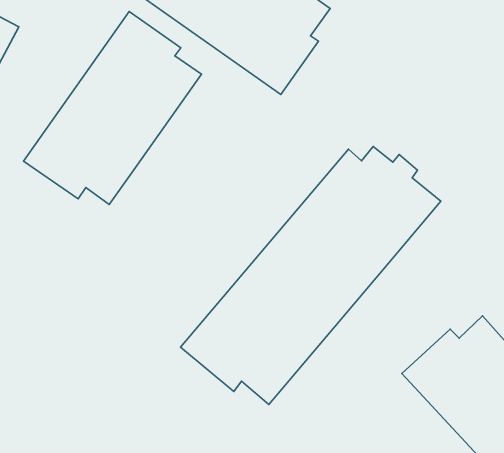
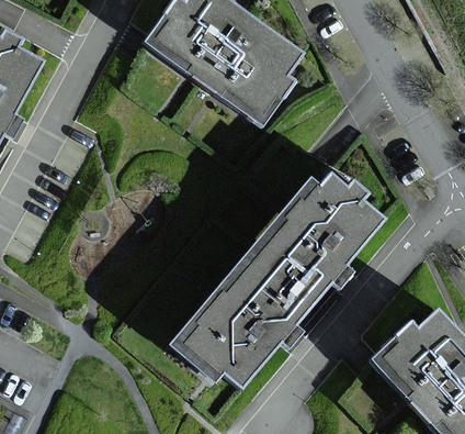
building: [23,11,201,205] -> none

